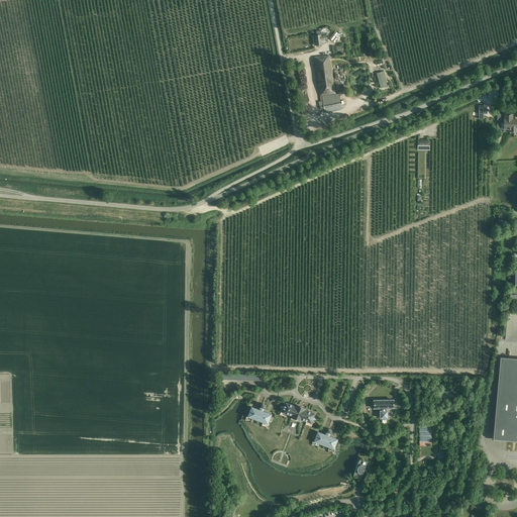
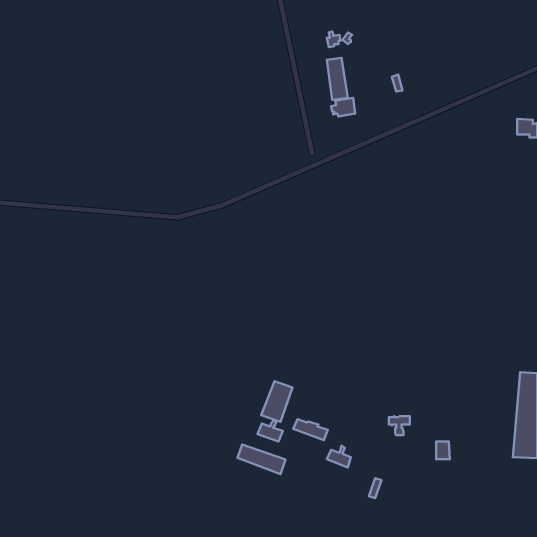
building: none -> [261,381,292,422]
building: none -> [237,445,286,474]

